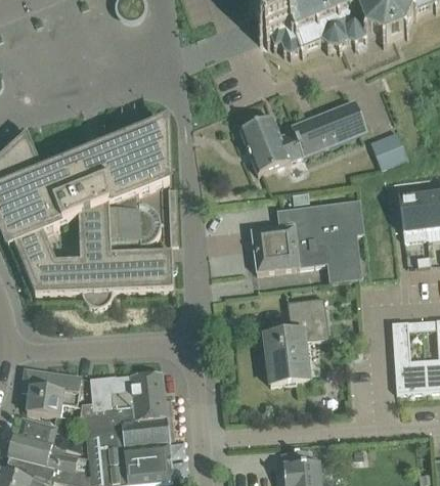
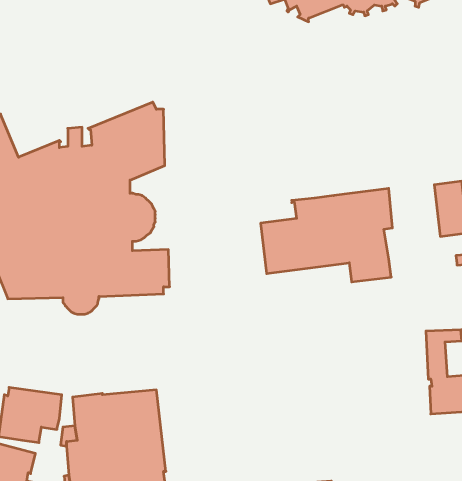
building: [239,100,366,174] -> none
building: [370,131,408,169] -> none
building: [264,297,328,384] -> none

